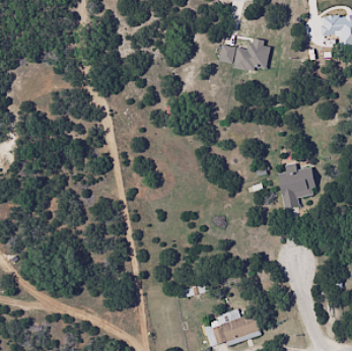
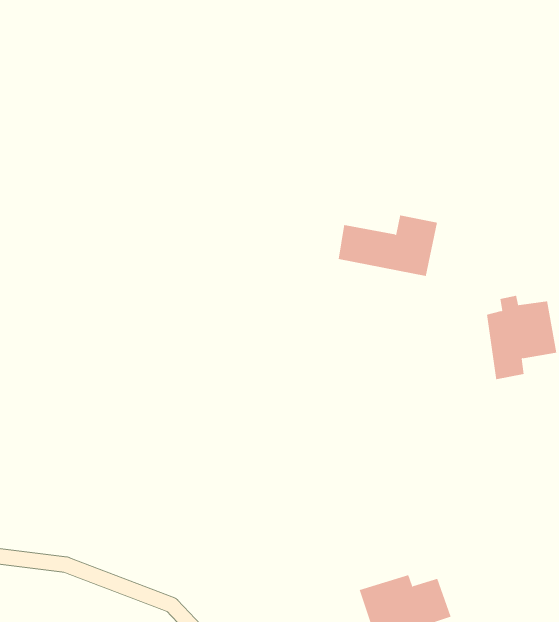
building: [218,40,271,72] -> [338,215,438,277]

